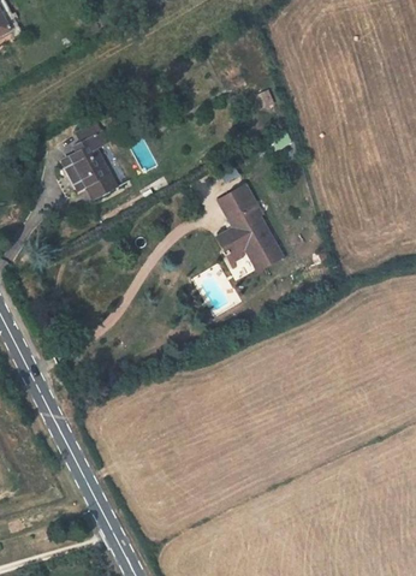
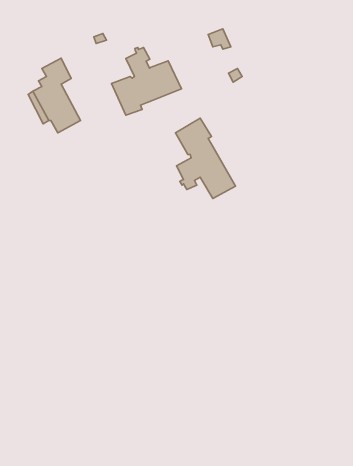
building: none -> [112,48,182,115]

